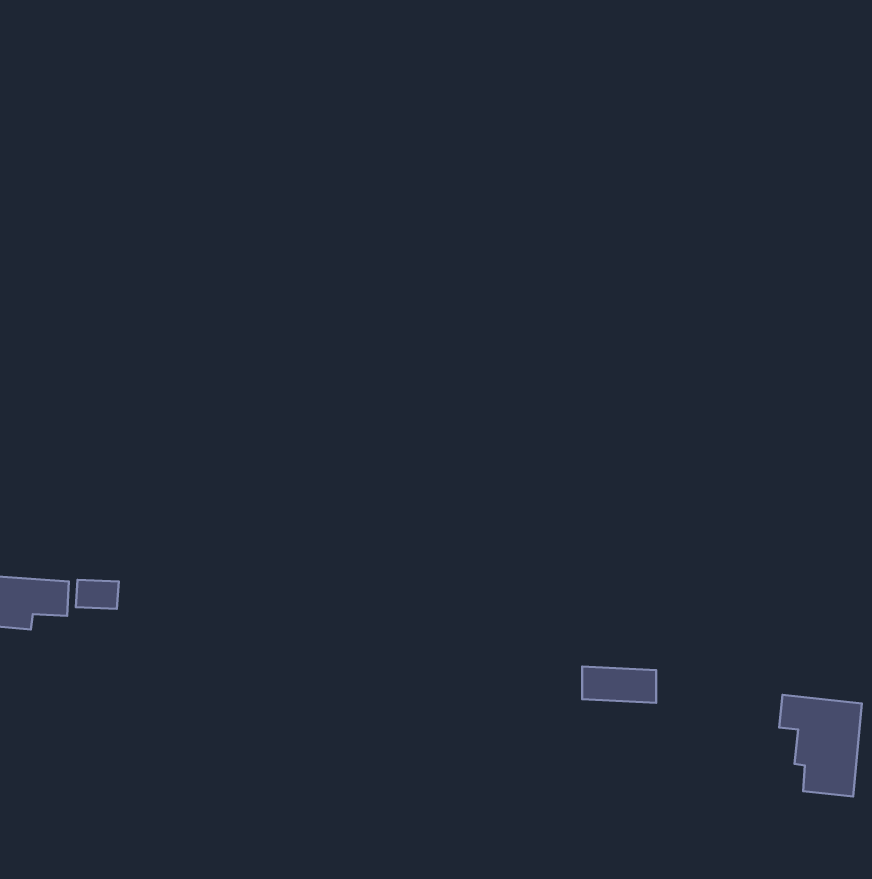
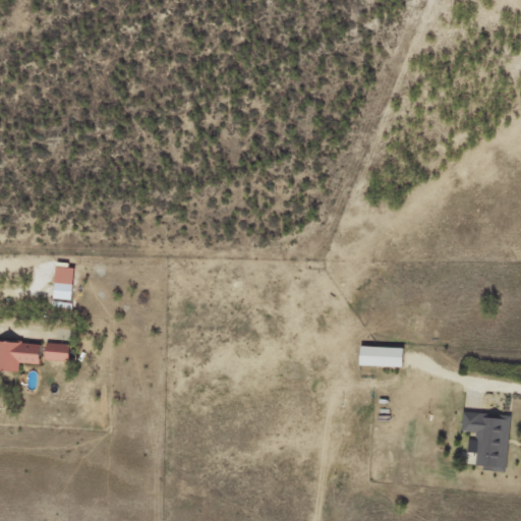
building: none -> [54,267,73,300]
building: [582,667,656,703] -> [359,346,403,367]

